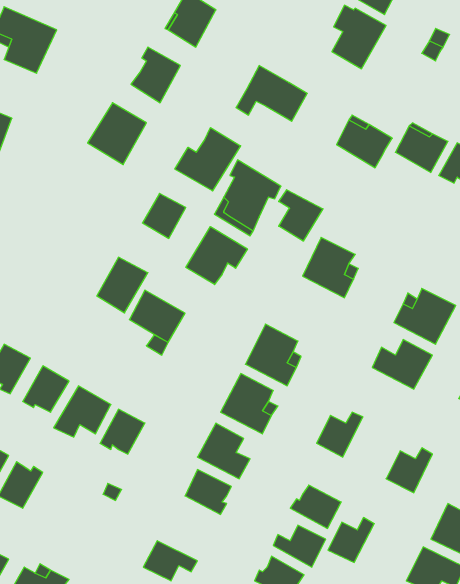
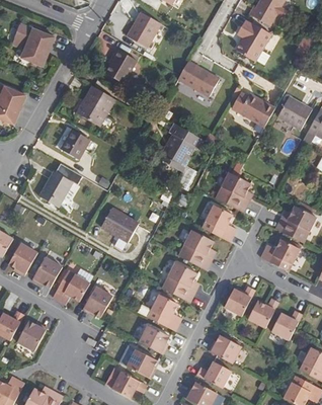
building: [175,128,241,191] -> none
building: [279,190,323,241] -> none
building: [142,193,186,238] -> [61,130,89,159]
building: [186,227,247,285] -> none
building: [97,257,148,313] -> [39,171,73,208]
building: none -> [202,205,235,240]
building: none -> [127,348,157,378]
building: [328,518,374,562] -> [248,298,278,327]

